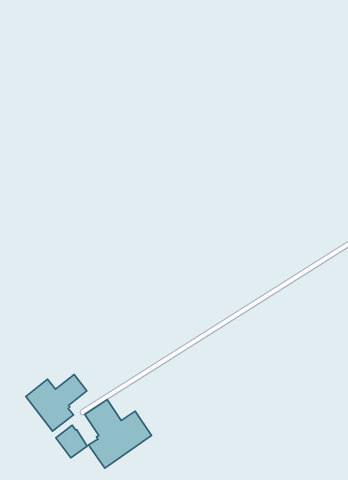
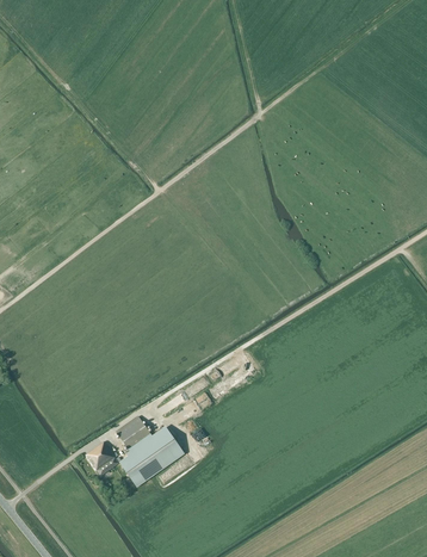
building: [26,374,87,431] -> none

